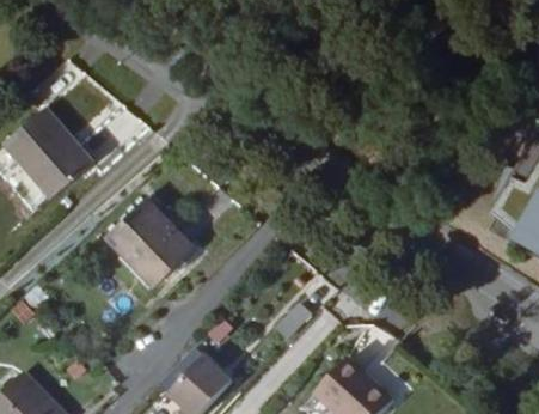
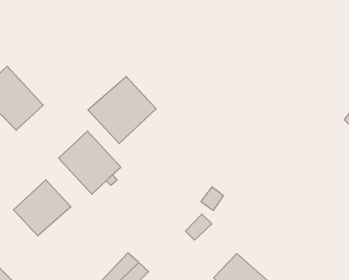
building: none -> [88,76,156,143]
building: none -> [13,180,71,236]

